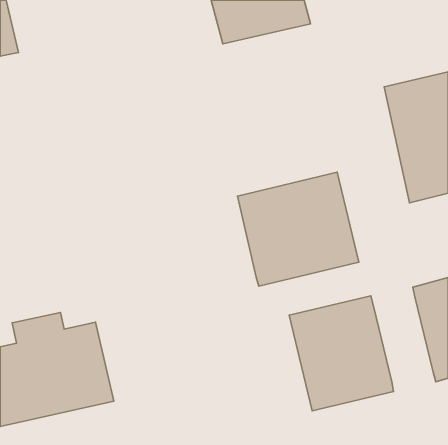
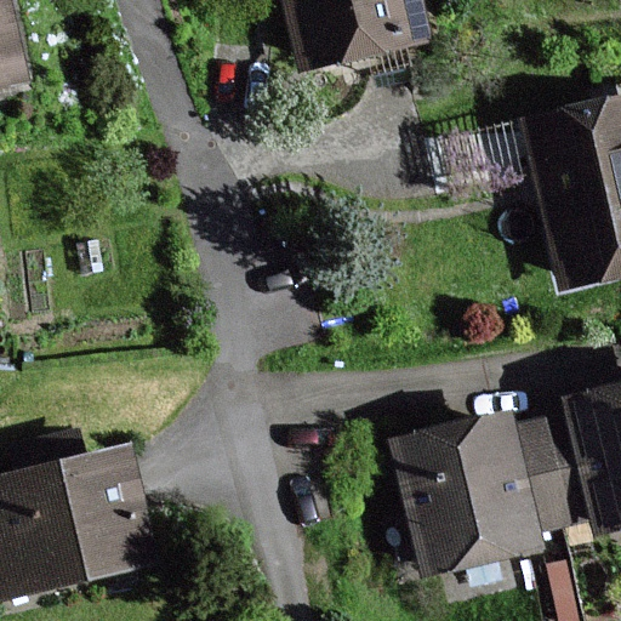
building: [238,172,359,286] -> none
building: none -> [517,415,599,532]

